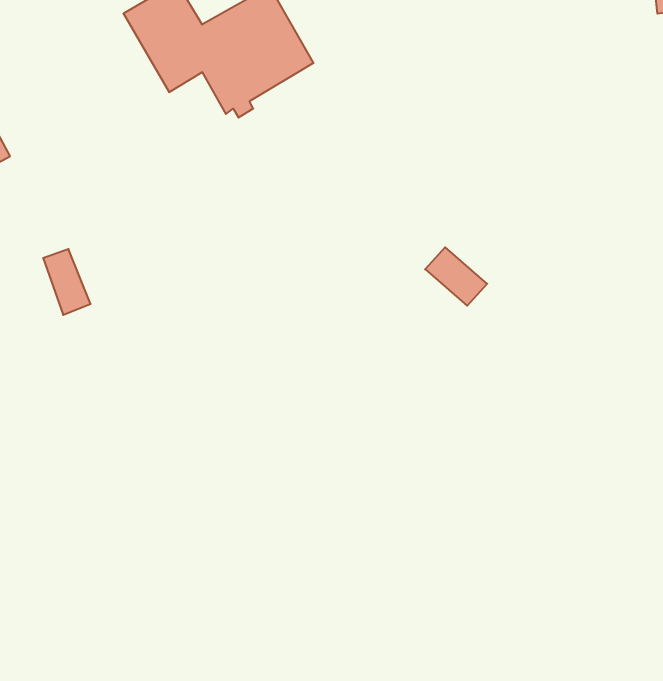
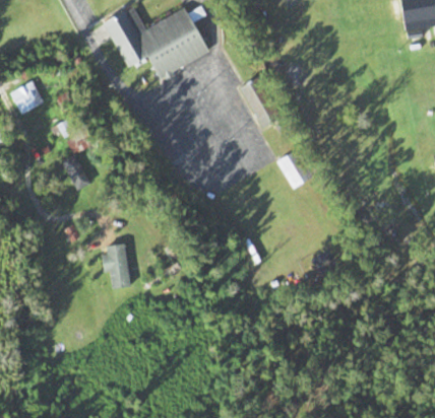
building: none -> [101,243,130,288]

